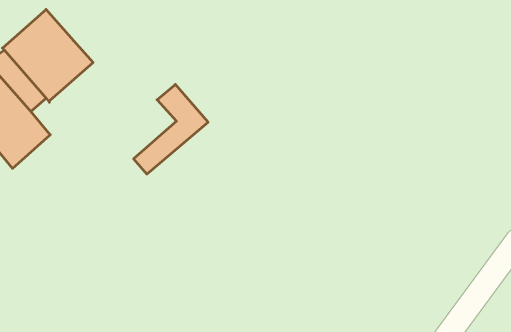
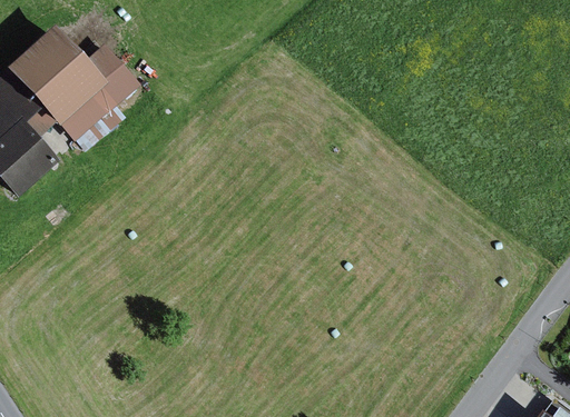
building: [134,84,208,174] -> [58,44,139,142]

